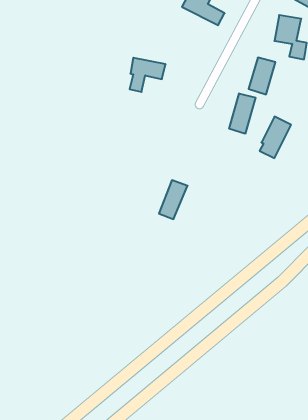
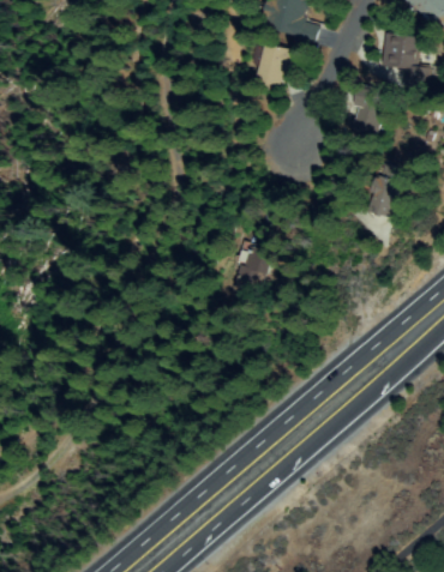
building: [130,58,166,92] -> [257,43,304,88]
building: [229,93,256,134] -> none

